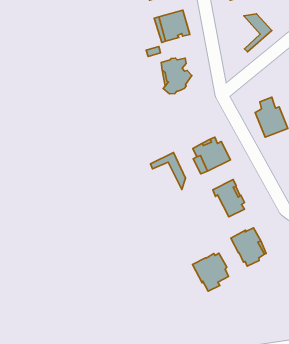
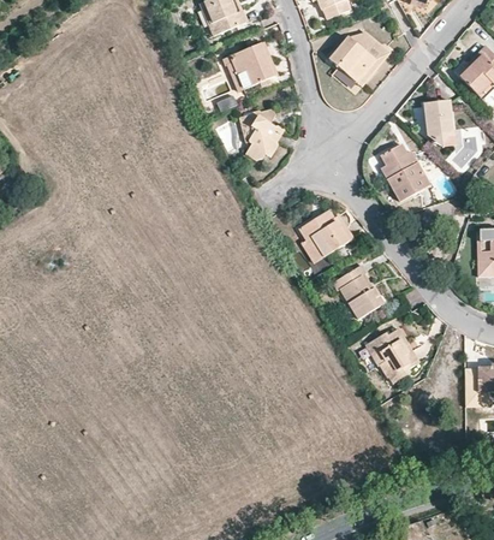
building: none -> [329,36,374,82]
building: [150,153,186,189] -> none
building: [193,253,228,291] -> none

